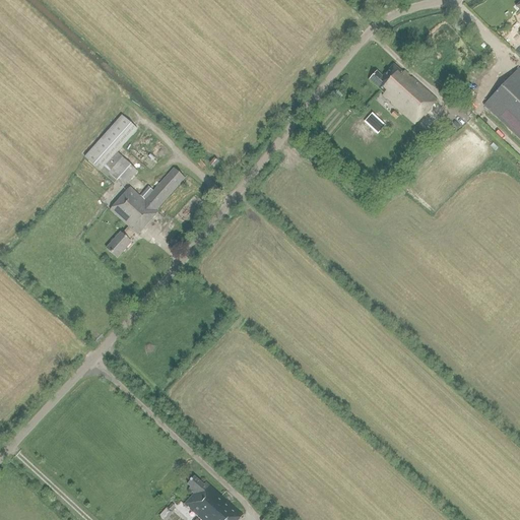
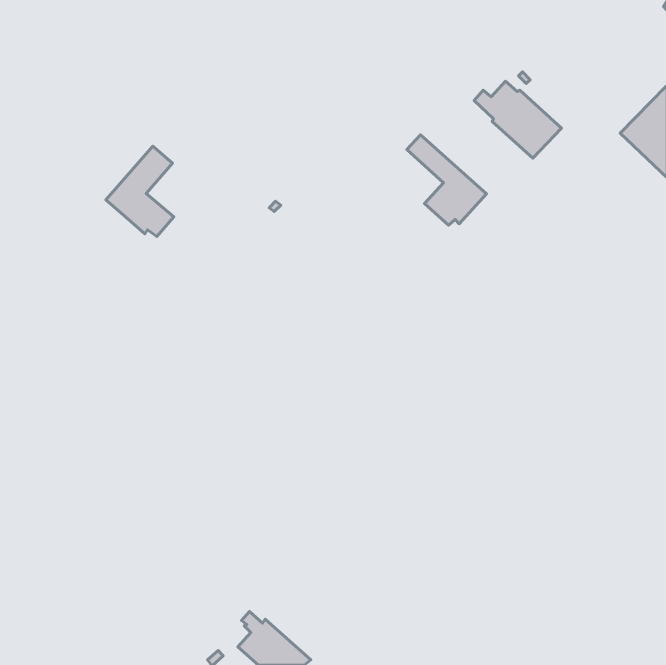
building: none -> [407,135,486,225]
building: [107,168,184,256] -> none

